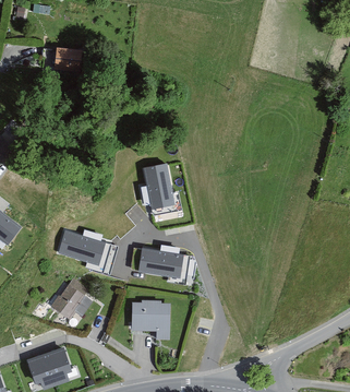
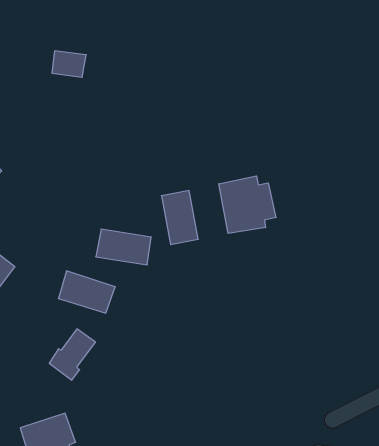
building: none -> [219,176,276,233]
building: [138,249,184,278] -> [96,229,151,265]
building: [132,300,171,341] -> none

